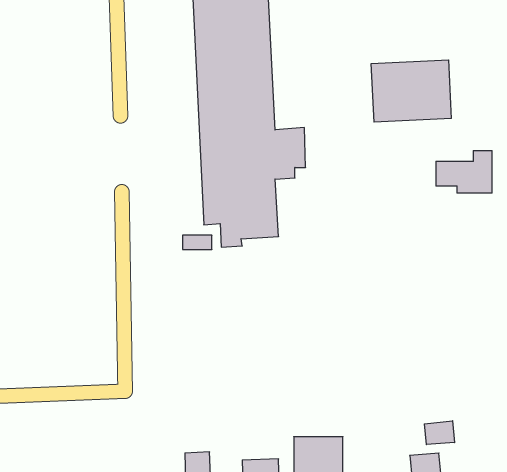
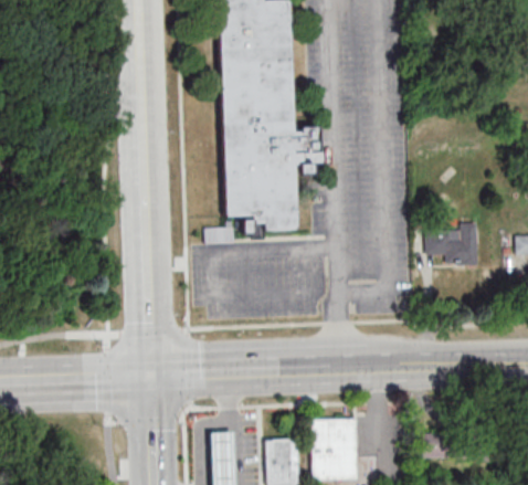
building: [371,60,451,122] -> none
building: [436,151,492,193] -> [427,222,481,262]
building: [424,421,455,445] -> none

